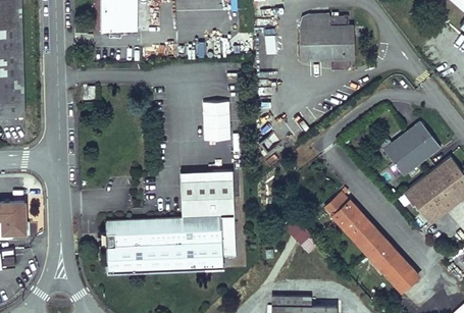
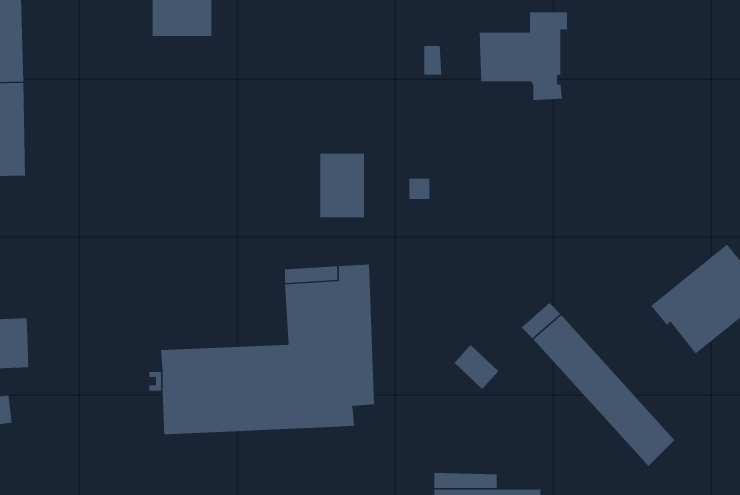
building: [299,14,329,29] -> none
building: [382,122,440,177] -> none

